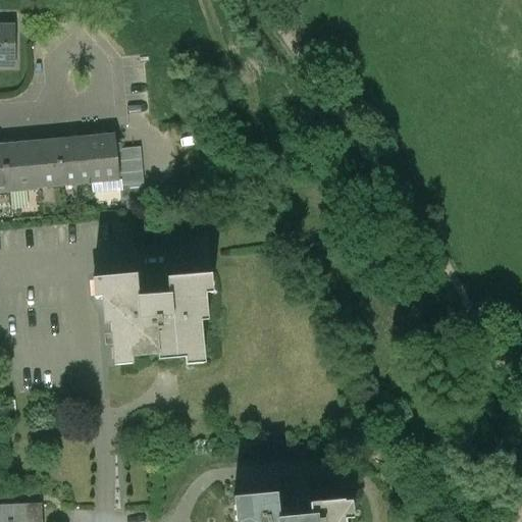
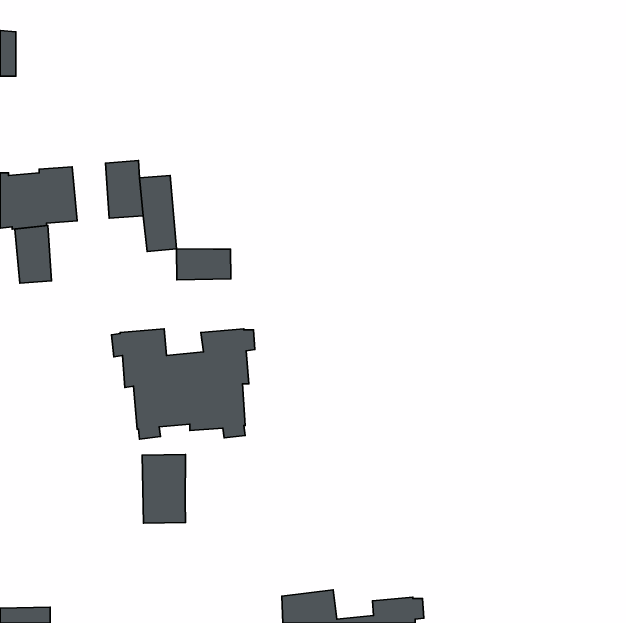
building: [60,136,91,184] -> [15,225,52,283]
building: none -> [176,249,231,280]
building: none -> [142,455,186,523]

